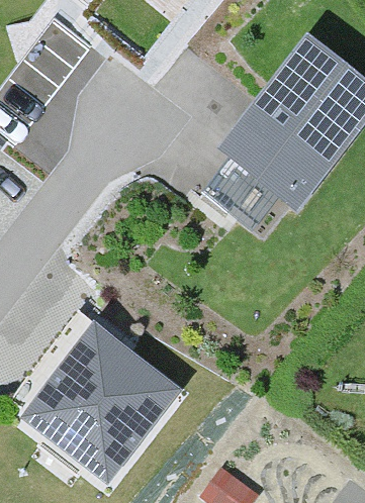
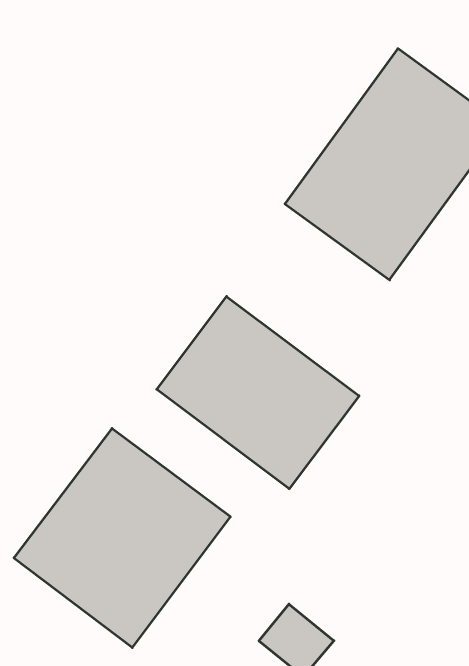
building: none -> [157,296,359,489]

